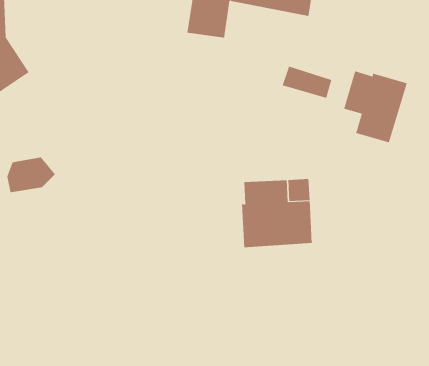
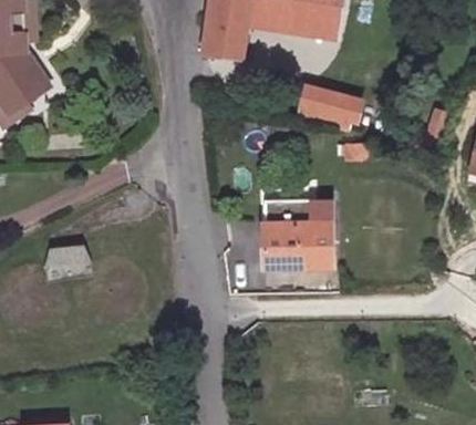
building: [344,71,408,143] -> none
building: [6,157,56,193] -> [45,246,95,282]

